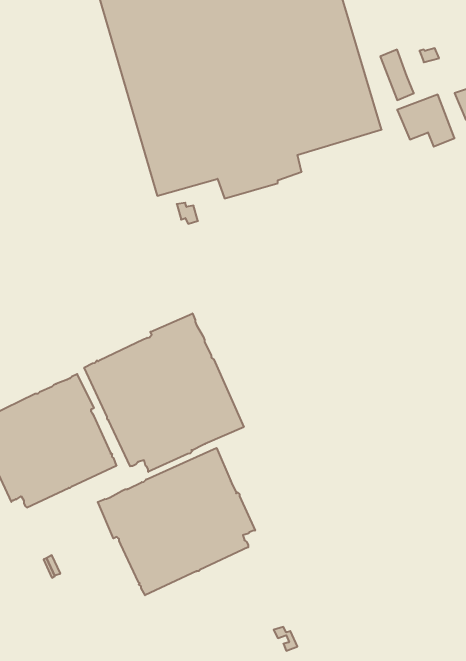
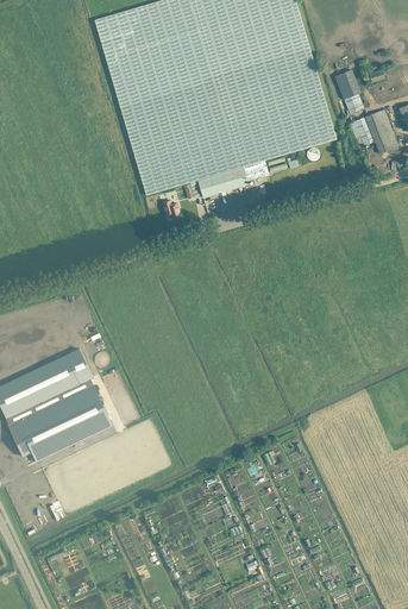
building: [84,313,244,472] -> none
building: [98,448,255,595] -> none

